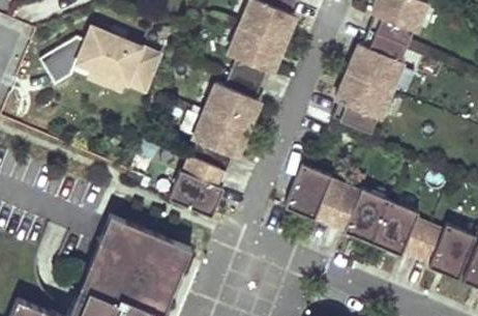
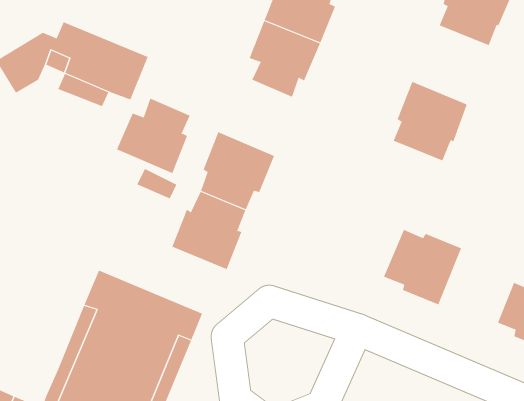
building: [352,29,411,89] -> none
building: [204,70,261,128] -> [116,98,191,174]
building: [285,163,346,221] -> none
building: [372,199,429,256] -> none

